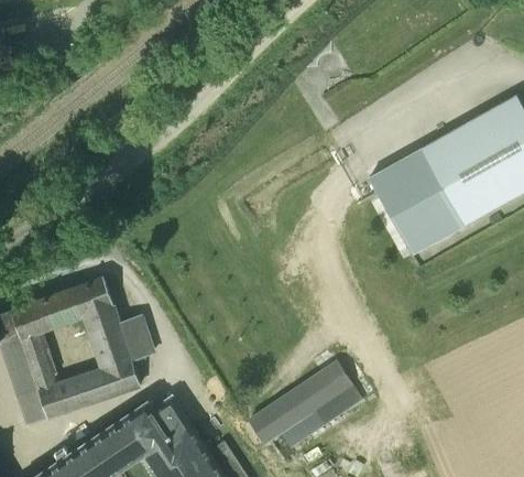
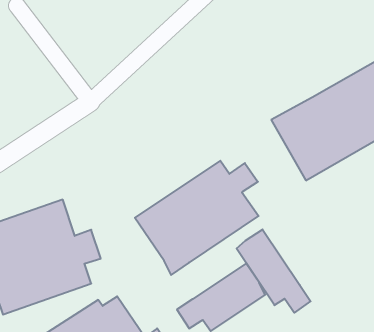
building: none -> [135,161,259,275]
building: none -> [237,229,311,313]

